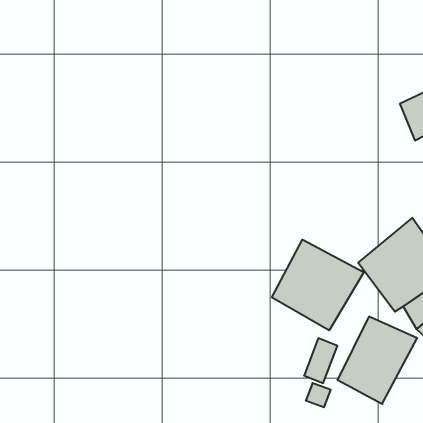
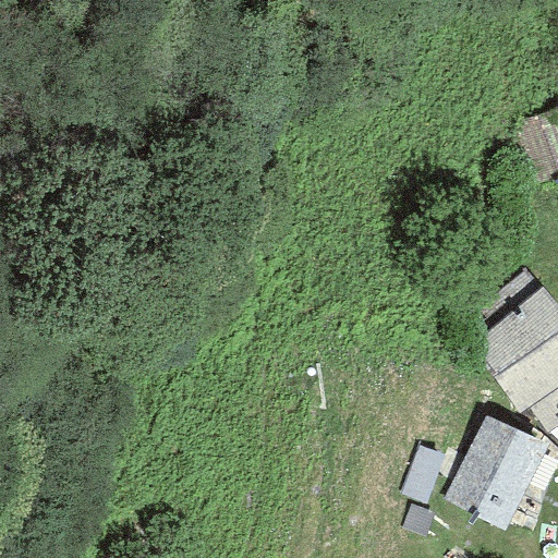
building: [272,240,364,330] -> none

